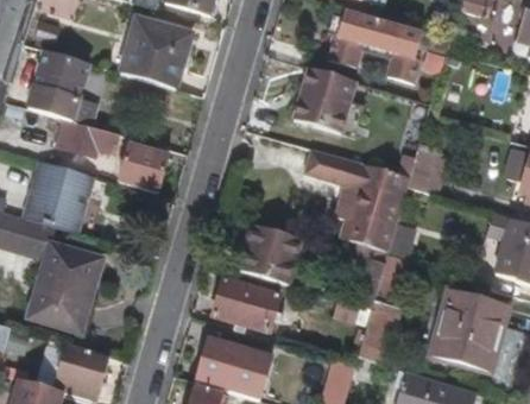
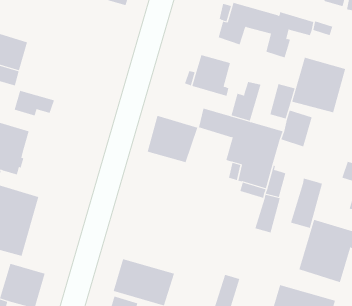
building: [122,17,190,87] -> none
building: none -> [292,57,346,113]
building: none -> [231,81,261,122]
building: [119,141,169,189] -> none
building: [236,220,302,280] -> [147,115,198,163]
building: [214,277,272,326] -> none
building: [358,298,399,362] -> [290,178,323,228]

